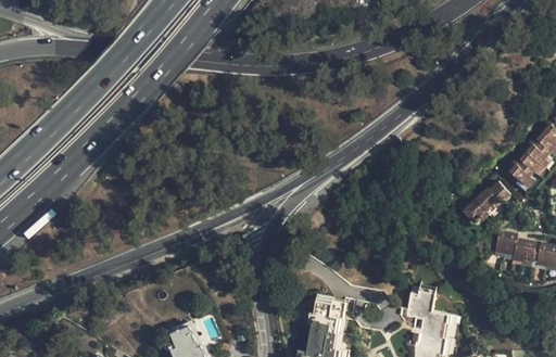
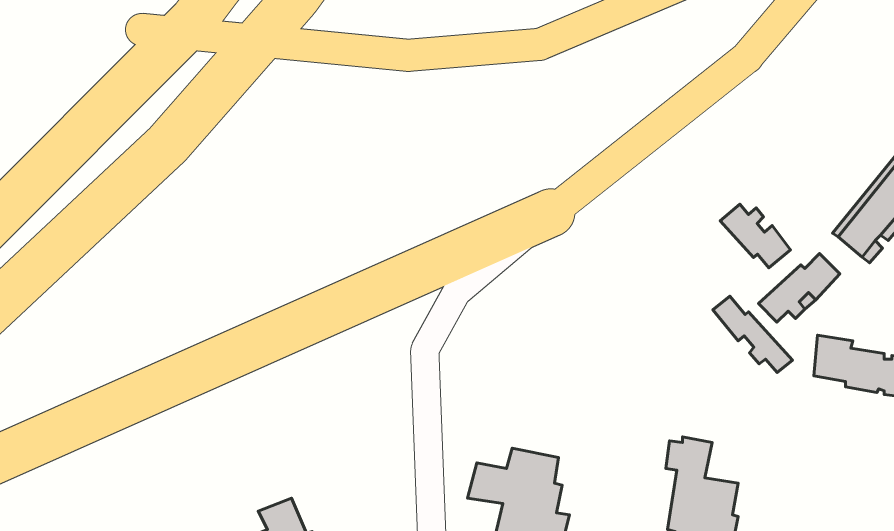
building: none -> [720,204,791,268]
building: none -> [713,296,793,373]

